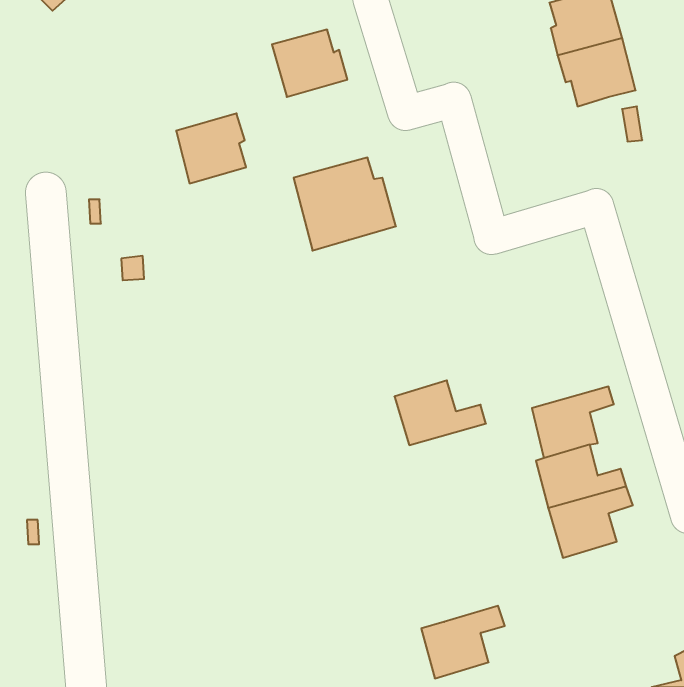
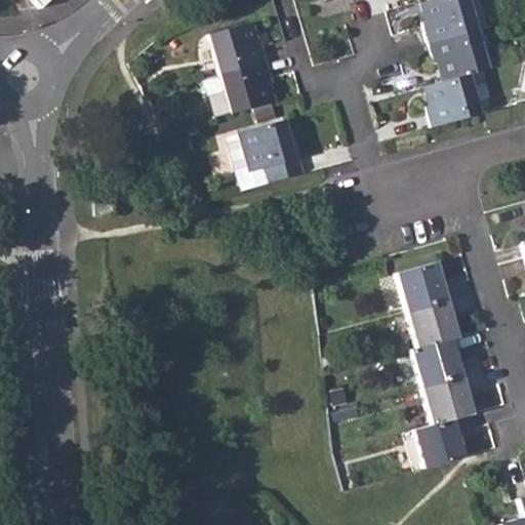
building: none -> [425,74,478,127]
building: [176,113,246,183] -> [221,60,275,114]
building: [394,380,486,445] -> [397,261,467,311]
building: [421,606,505,678] -> [414,412,478,468]

